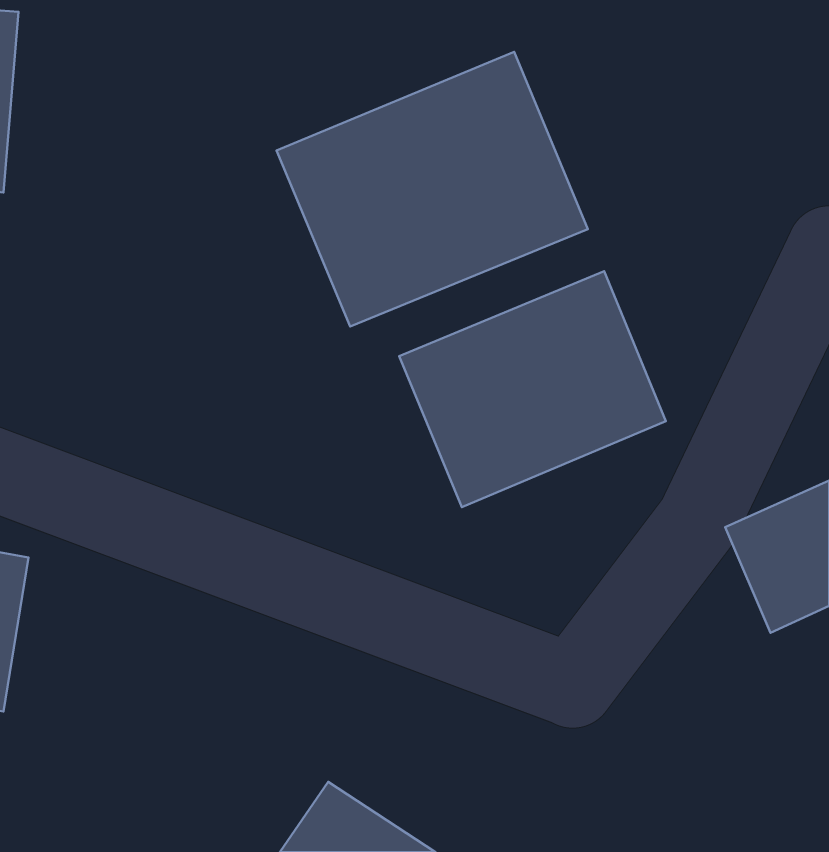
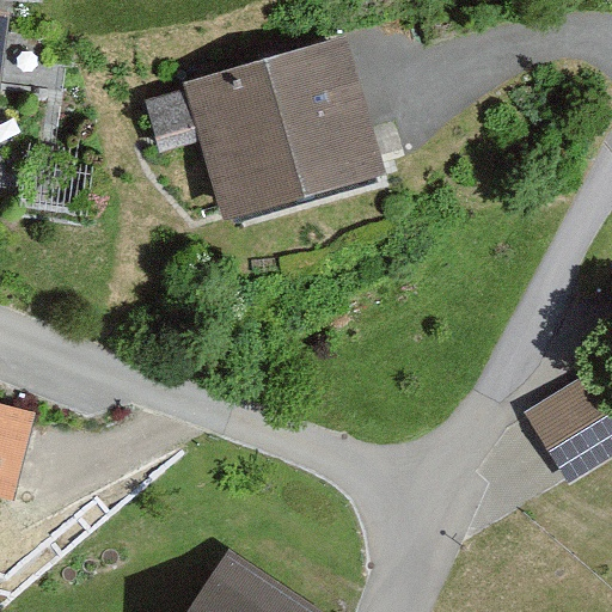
building: [399,271,666,507] -> none

